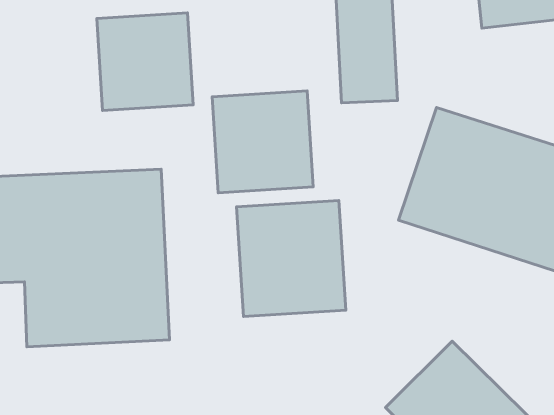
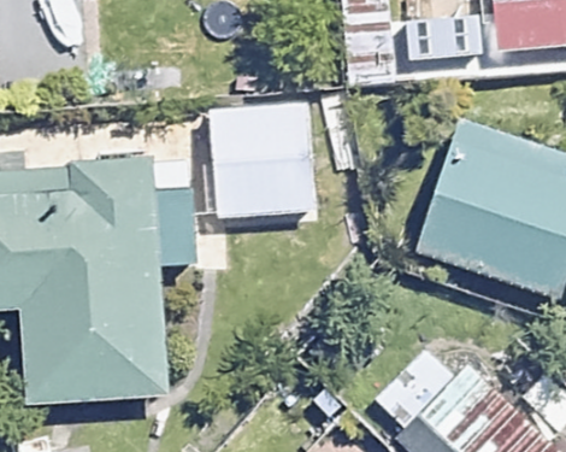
building: [97,13,193,110] -> none
building: [237,201,346,316] -> none

